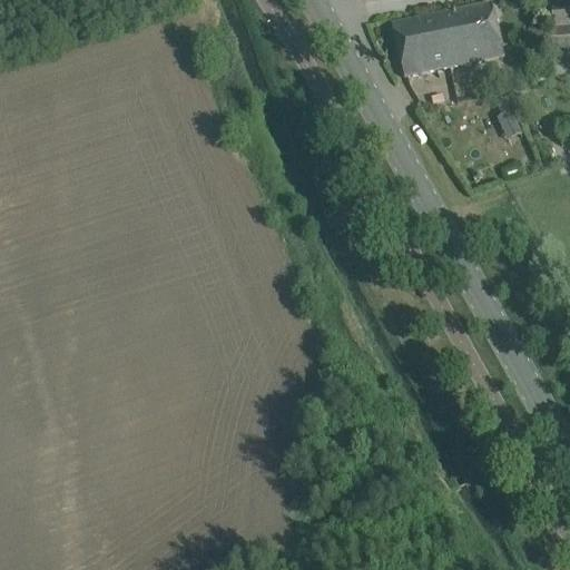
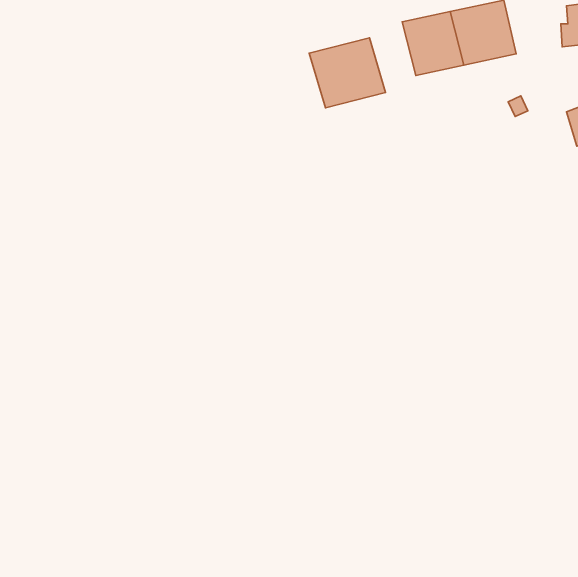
building: none -> [309,38,385,108]

